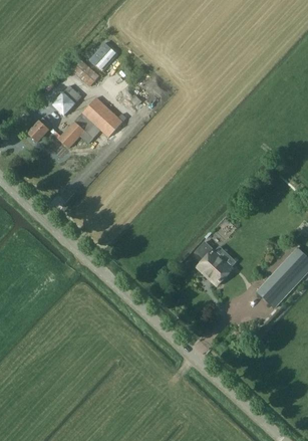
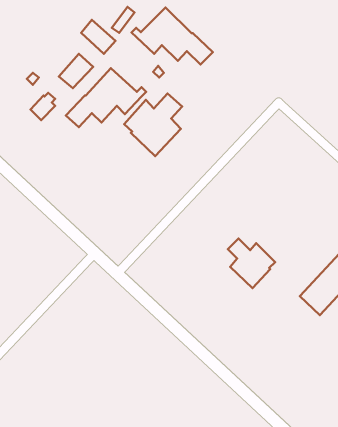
building: none -> [132,7,213,65]
building: none -> [124,93,182,156]

